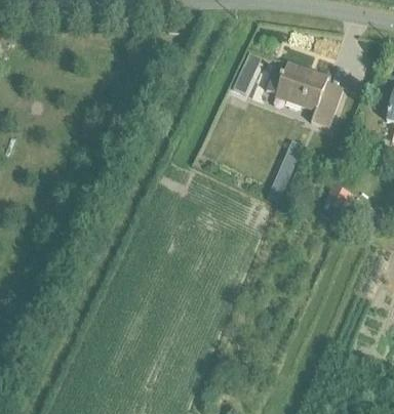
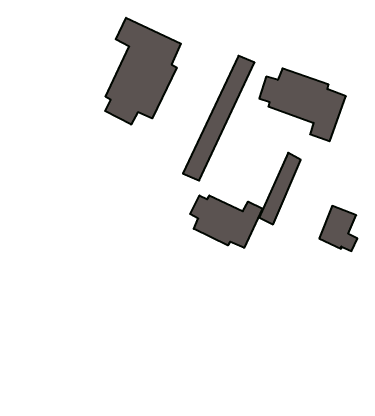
building: none -> [105,18,181,125]
building: none -> [190,195,263,248]

